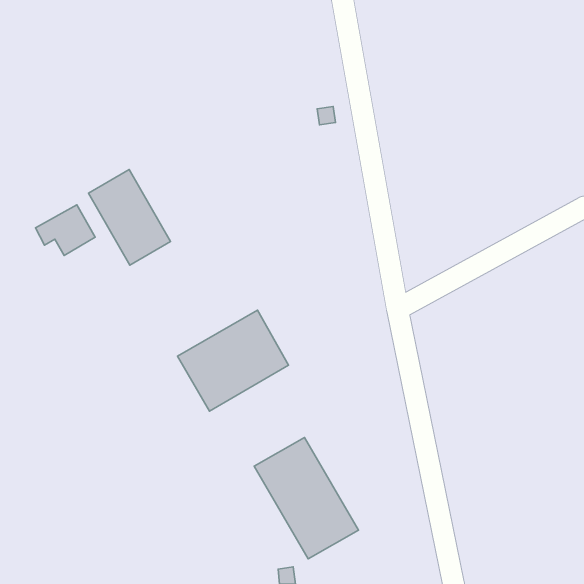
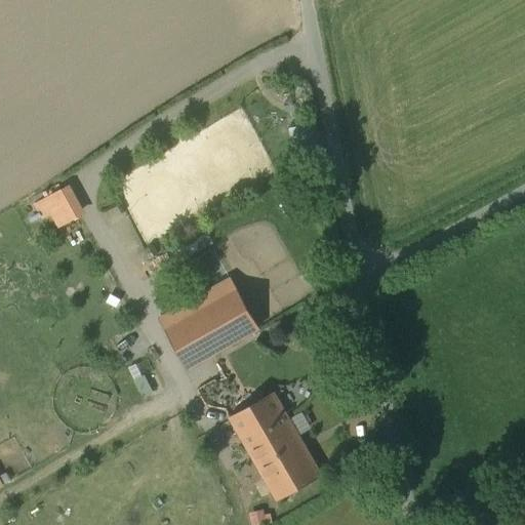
building: [89,169,170,265] -> none

